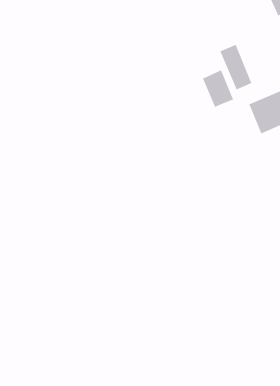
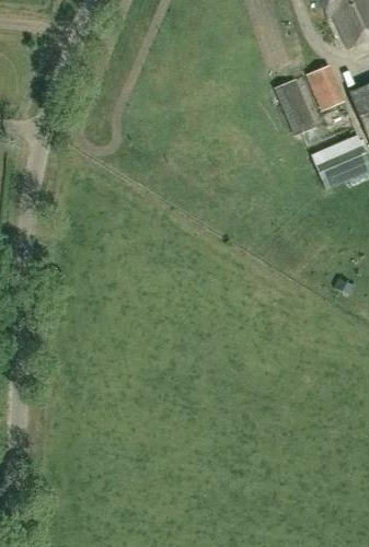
building: [202,70,234,108] -> [305,63,345,110]

